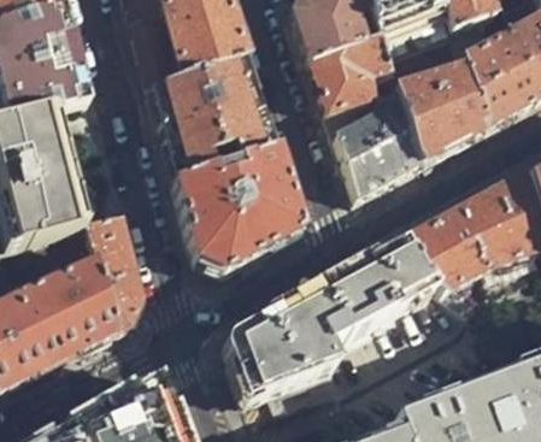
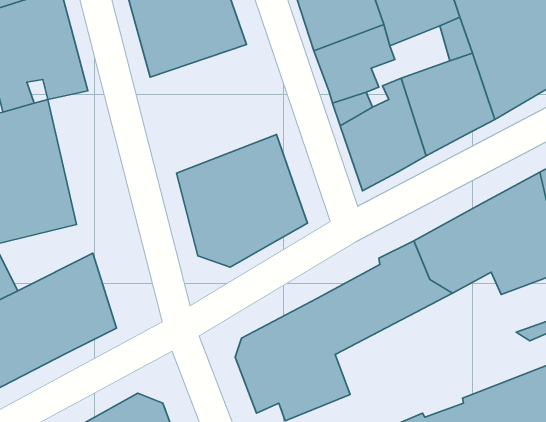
building: [152,51,274,175] -> none
building: [87,208,146,324] -> none

